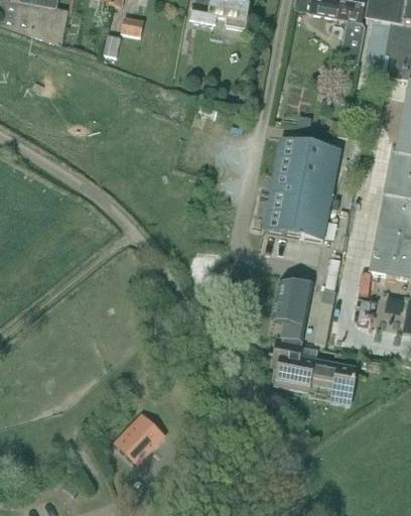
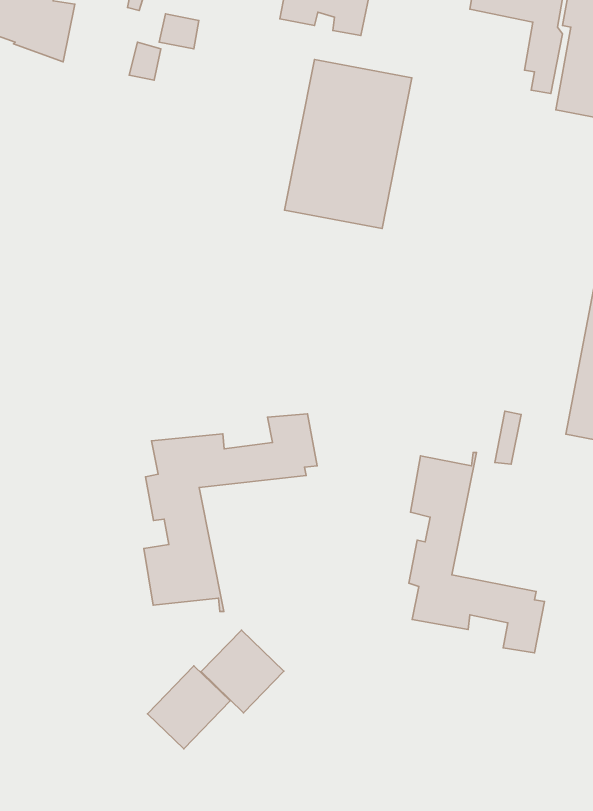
building: [264,135,341,238] -> [285,60,412,228]
building: none -> [144,414,317,612]
building: none -> [201,630,284,713]

